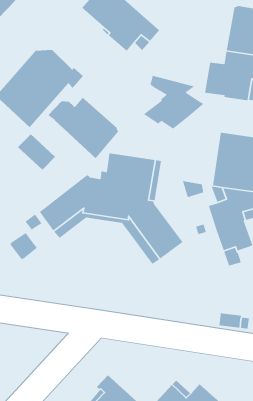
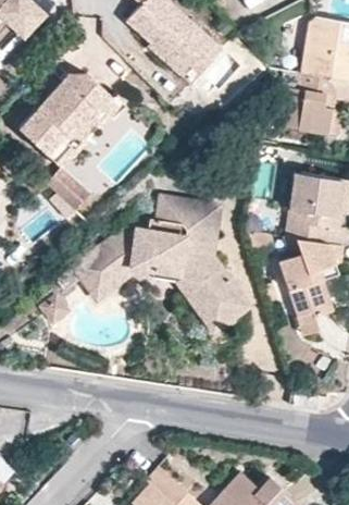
building: [143,75,204,130] -> none
building: [47,97,119,159] -> none

